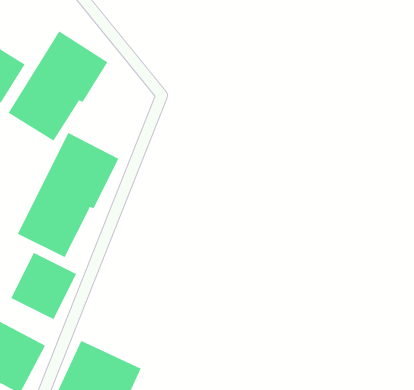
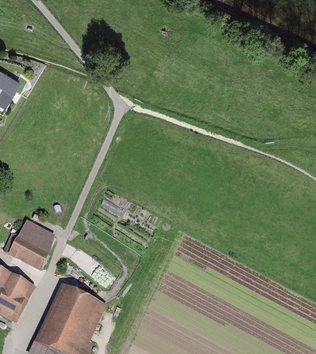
building: [8,30,108,142] -> none
building: [17,132,119,258] -> none

